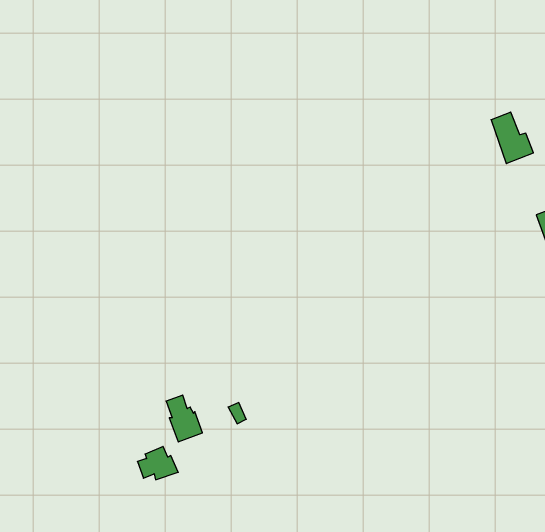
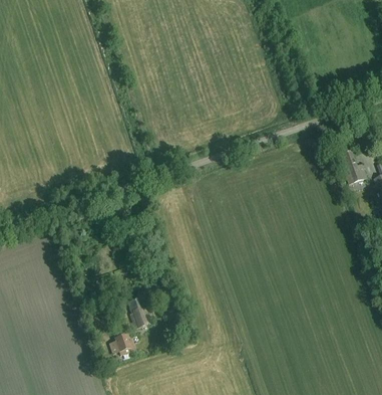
building: [491,112,533,164] -> [339,149,367,183]

